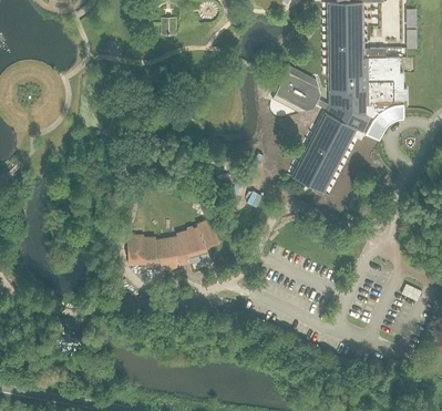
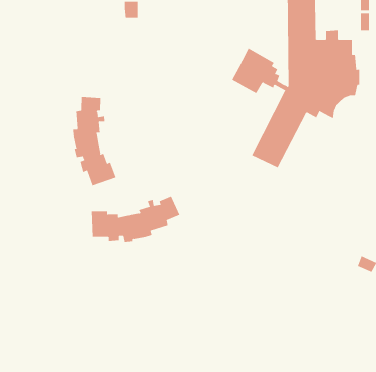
building: none -> [73,96,116,186]

